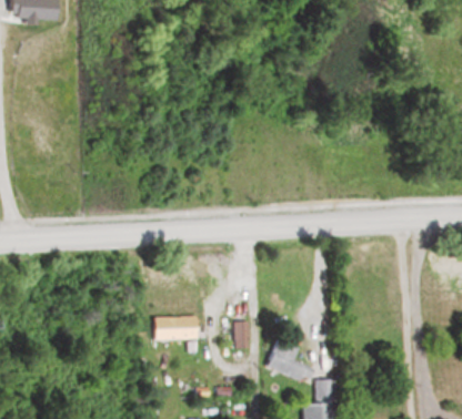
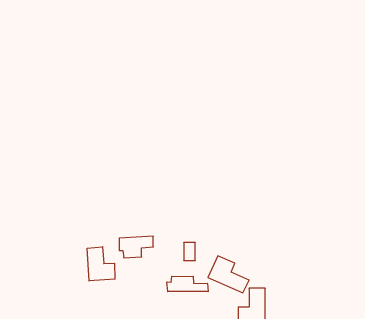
building: none -> [87,247,115,281]
building: none -> [167,276,208,292]

